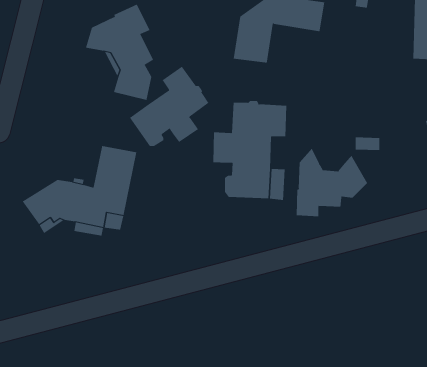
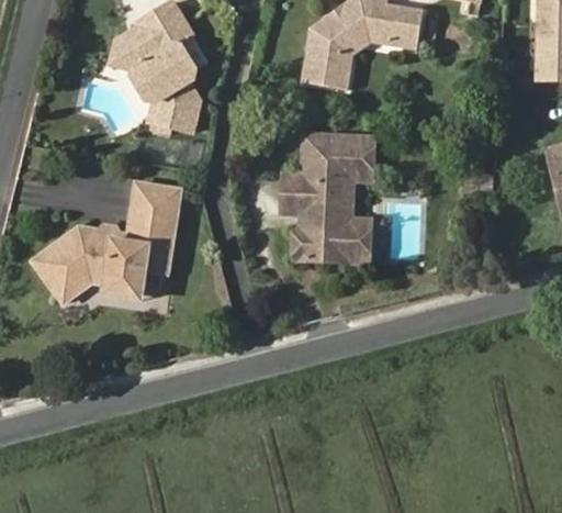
building: [129,66,209,147] -> none
building: [296,148,368,217] -> none

